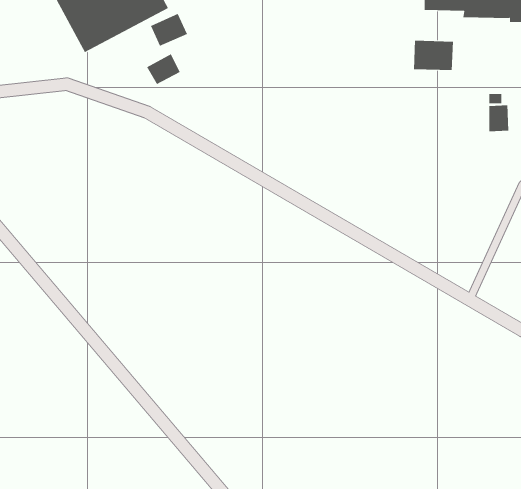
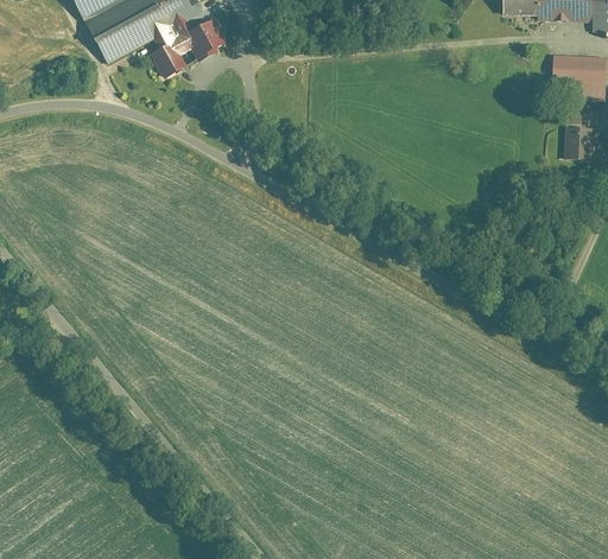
building: [413,40,454,71] -> [555,59,601,94]
building: [146,53,181,85] -> [150,28,189,64]

